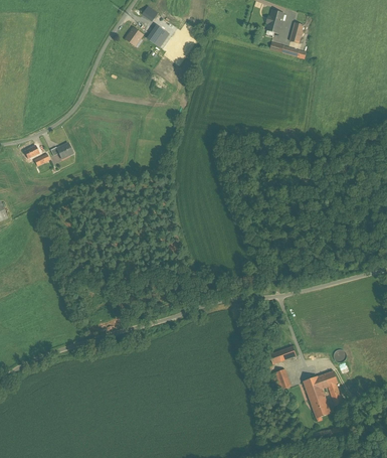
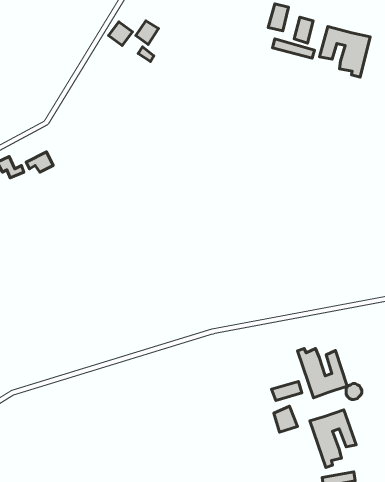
building: none -> [320,27,370,77]
building: none -> [298,348,347,398]

